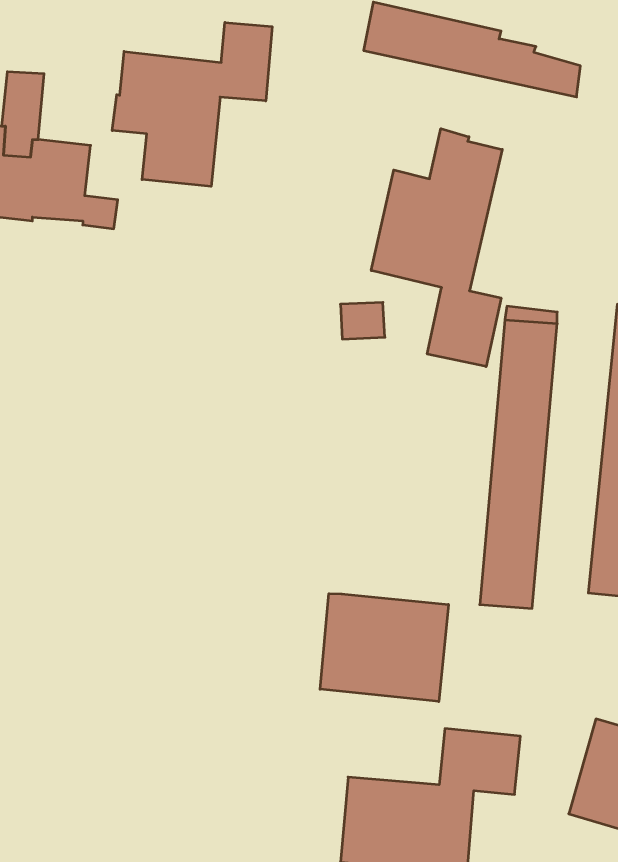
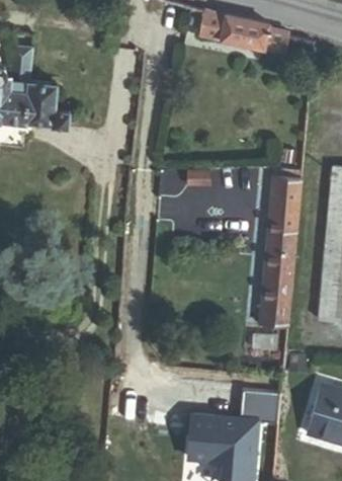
building: [112,22,272,186] -> none
building: [371,129,502,367] -> none
building: [320,594,448,702] -> none

